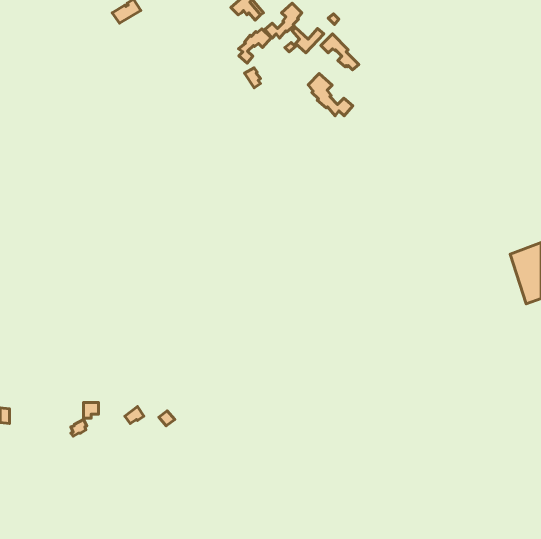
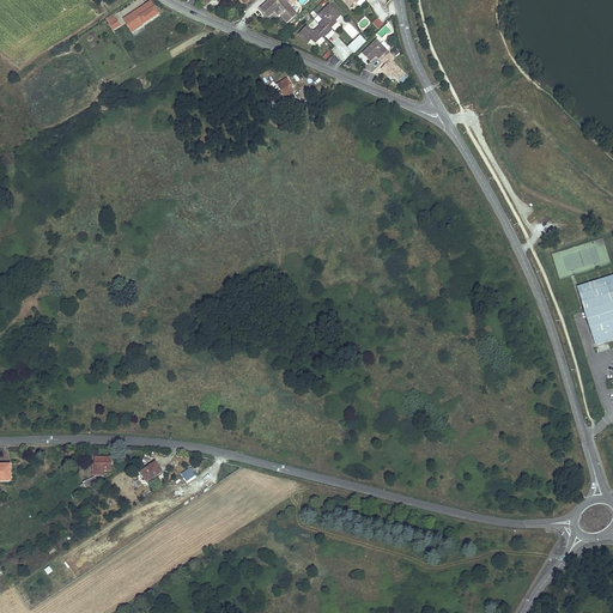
building: [239,29,271,63] -> none
building: [308,74,353,116] -> none

